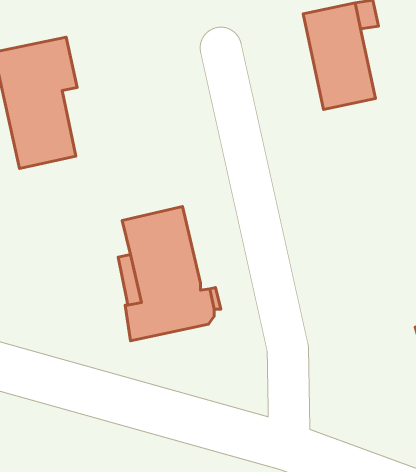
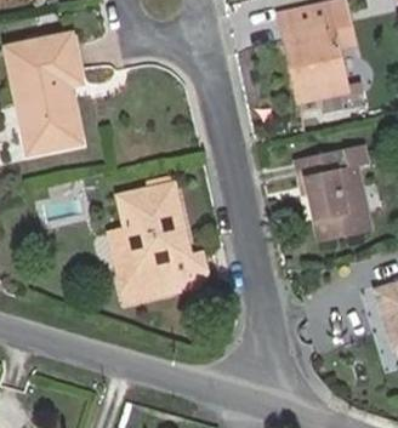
building: none -> [294,144,368,240]

